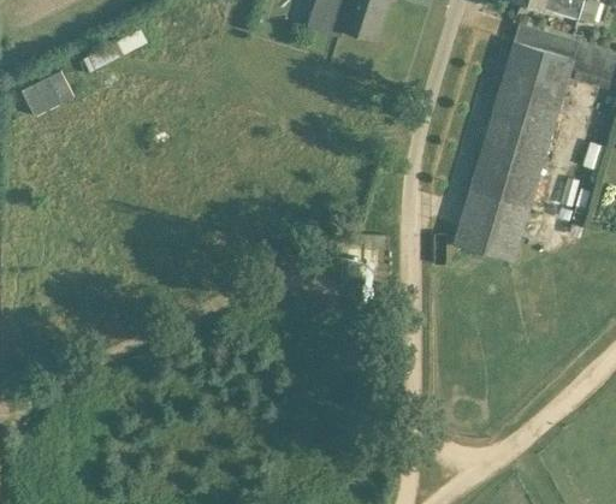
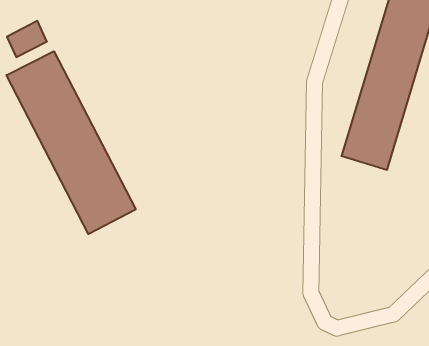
building: none -> [6,51,136,234]

